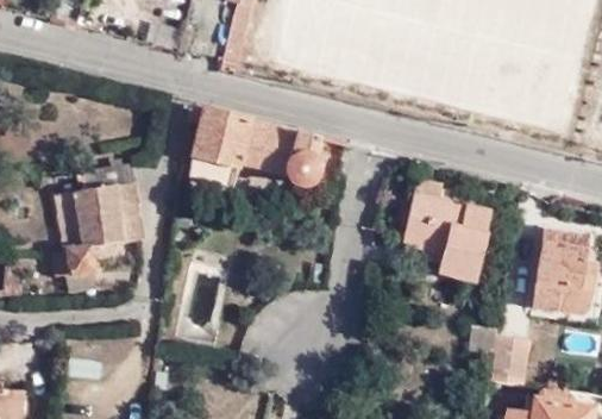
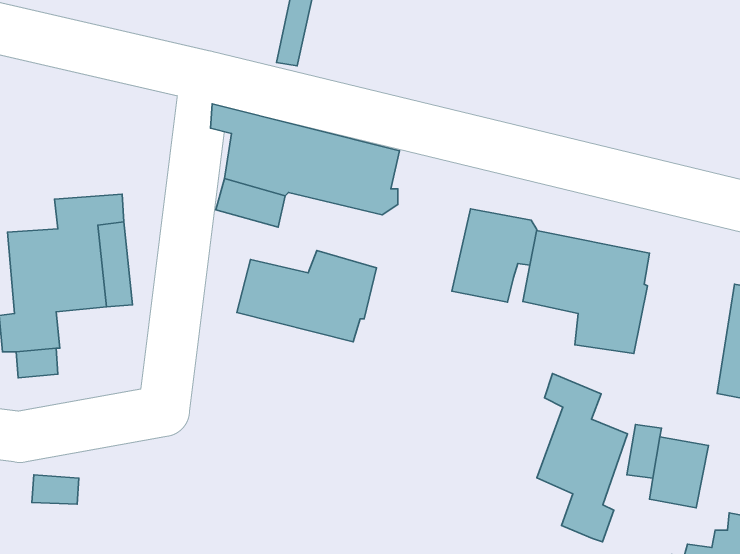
building: none -> [452,209,537,302]
building: none -> [237,251,377,342]
building: none -> [537,374,628,542]

